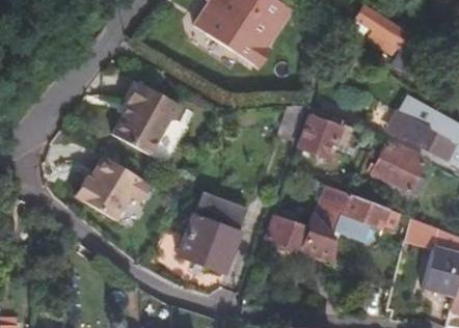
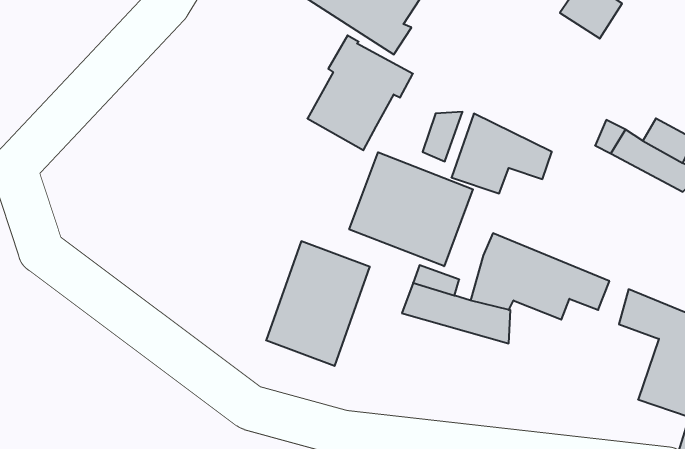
building: [113,80,182,155] -> [307,35,413,150]
building: none -> [349,152,473,266]
building: [373,142,430,193] -> none
building: [75,156,151,221] -> none

